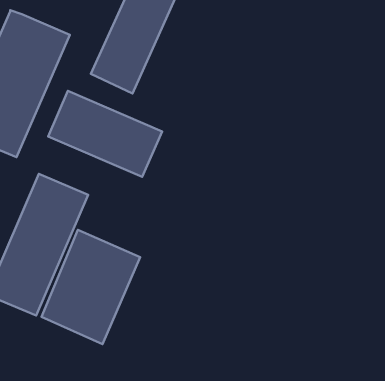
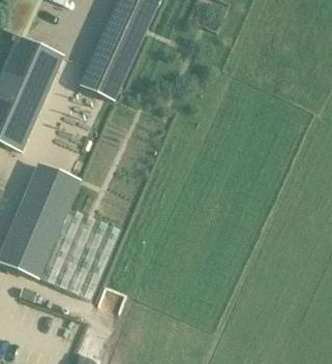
building: [48,91,162,177] -> none

